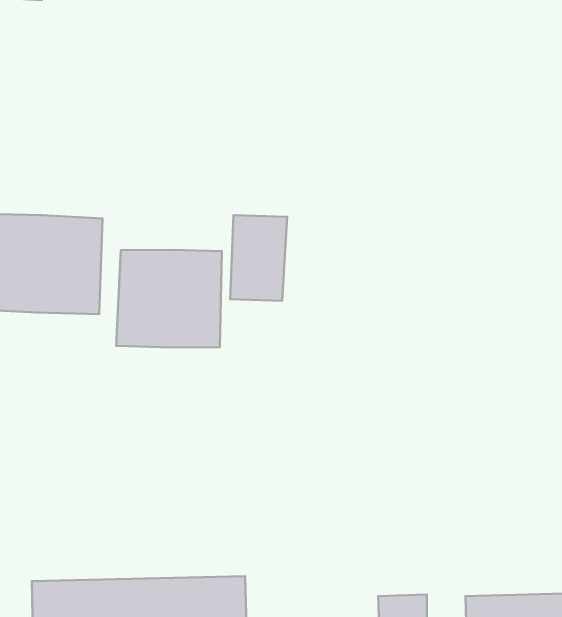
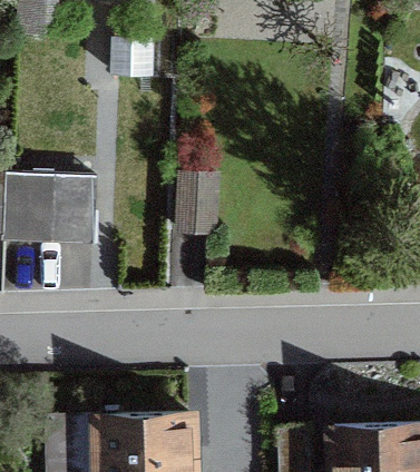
building: [116,250,222,347] -> none

